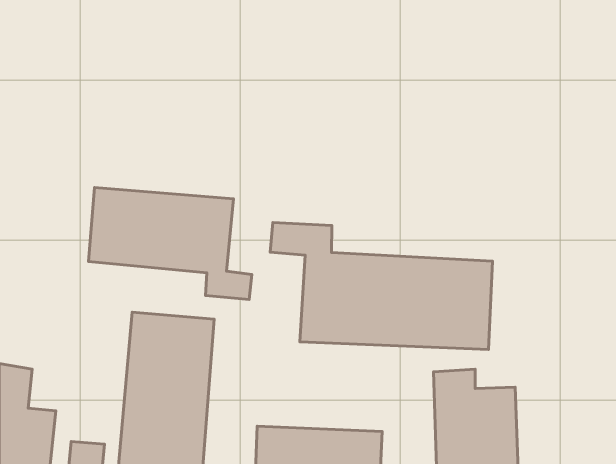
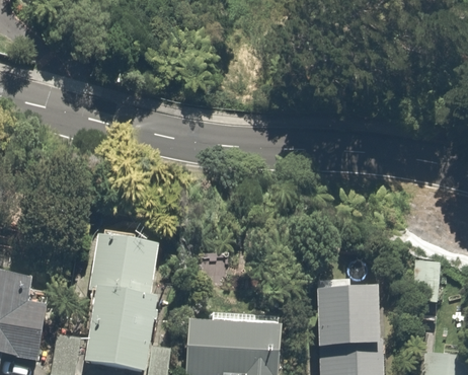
building: [88,188,252,300] -> none
building: [270,222,492,350] -> none

